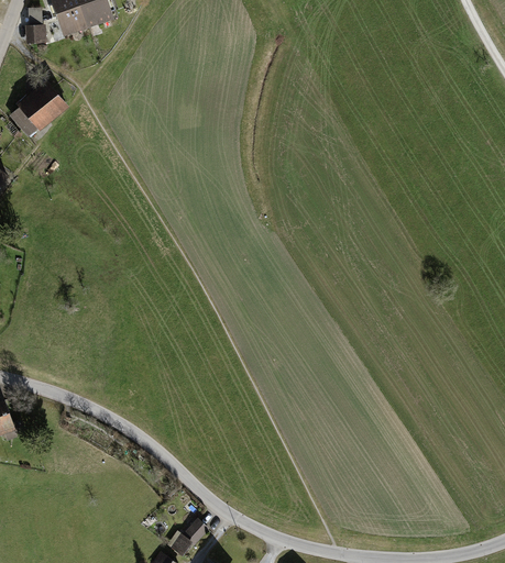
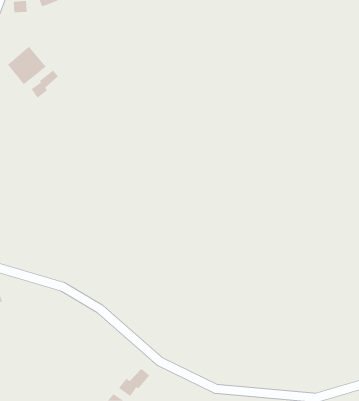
building: none -> [31,69,59,99]

